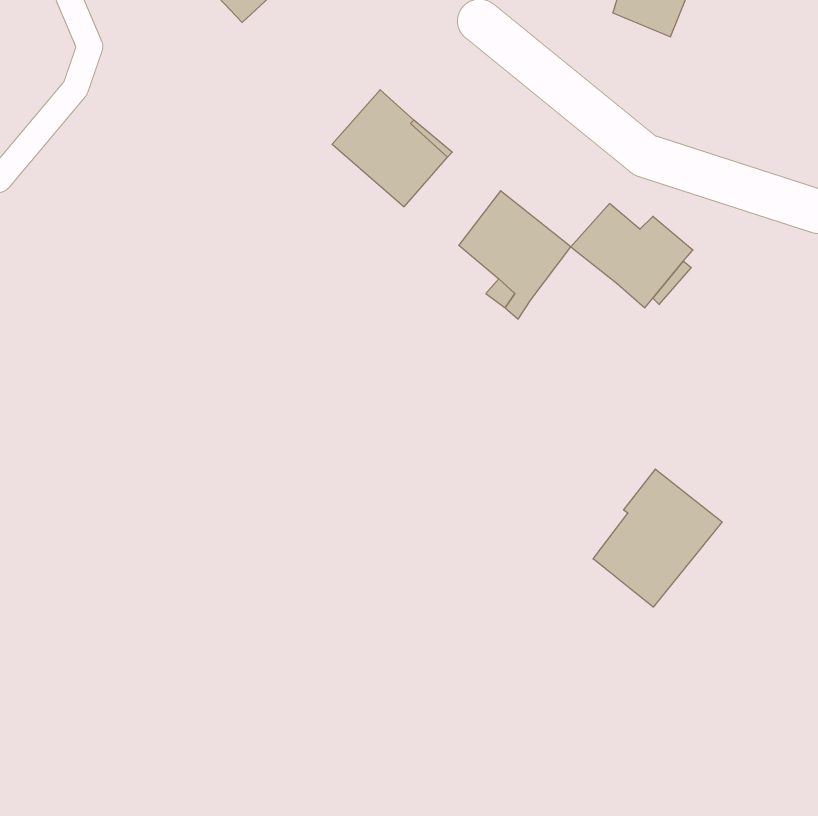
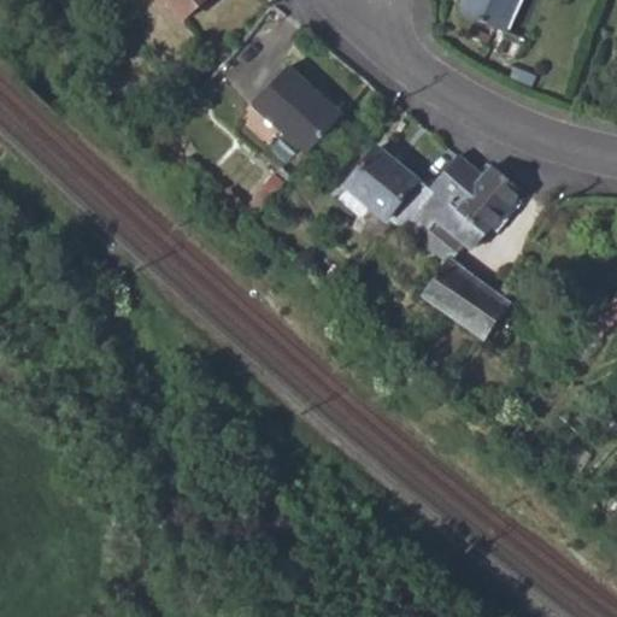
building: none -> [399,186,510,339]
building: [593,469,722,607] -> none

